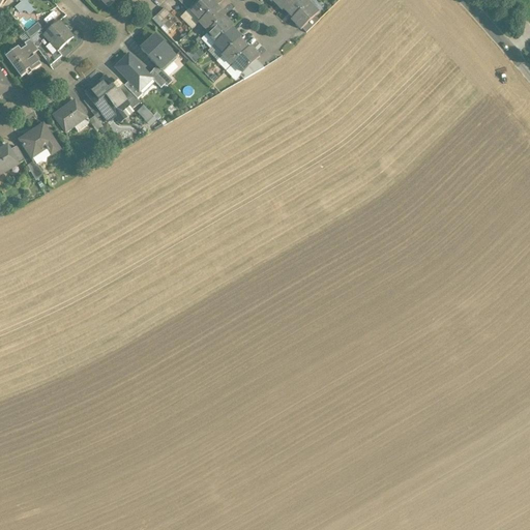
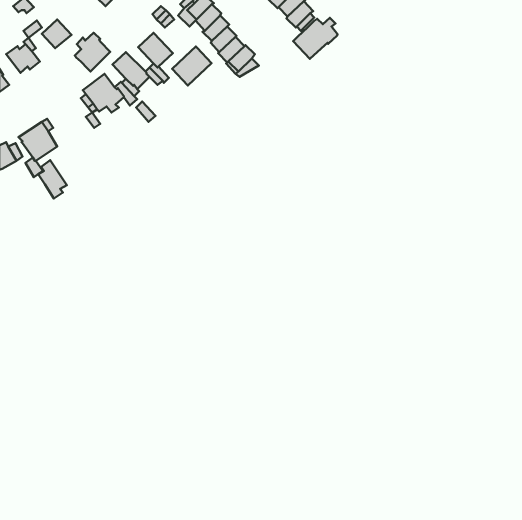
building: none -> [293,18,338,59]
building: none -> [75,33,110,71]
building: none -> [172,47,212,85]
building: [53,98,86,130] -> none
building: none -> [38,160,67,198]

